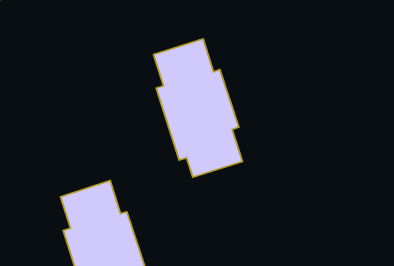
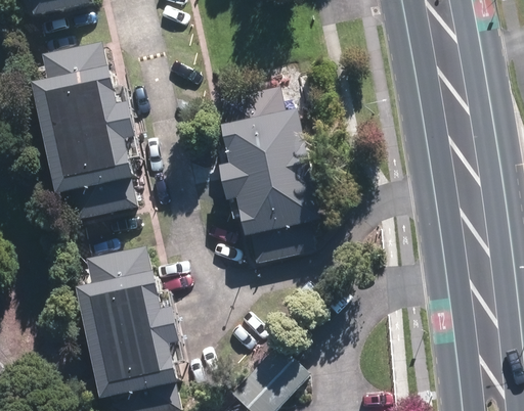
building: none -> [39,49,136,218]

